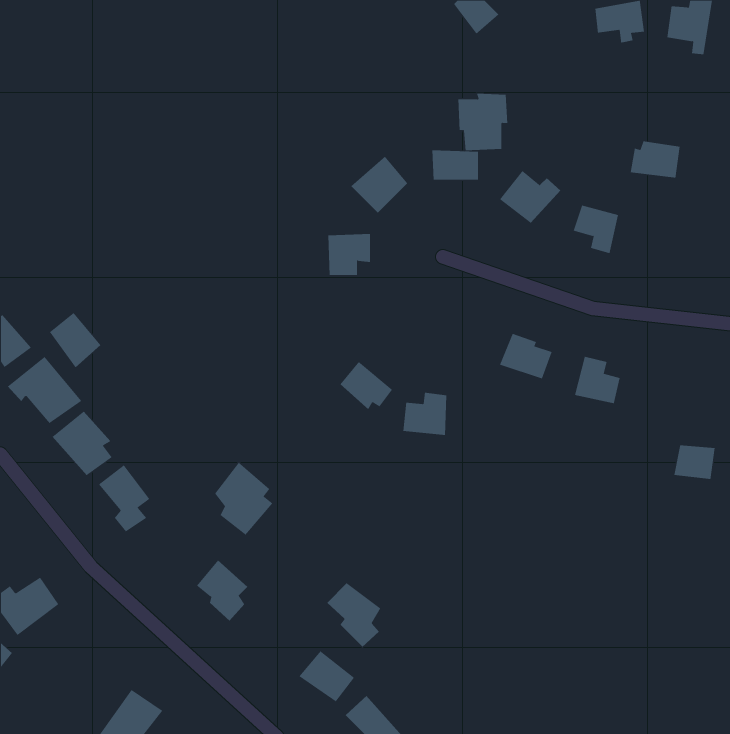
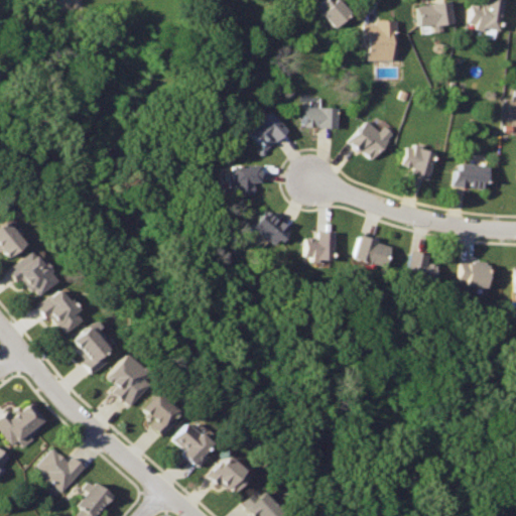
building: [458,93,508,151] -> [365,20,400,60]
building: [630,141,680,178] -> [456,164,491,190]
building: [49,312,101,368] -> none
building: [340,361,393,410] -> [256,211,293,245]
building: [403,392,447,435] -> [305,230,337,260]
building: [674,445,715,480] -> [461,262,490,286]
building: [214,462,273,535] -> [110,355,151,406]
building: [326,583,381,648] -> [176,423,215,469]
building: none -> [40,448,90,490]

